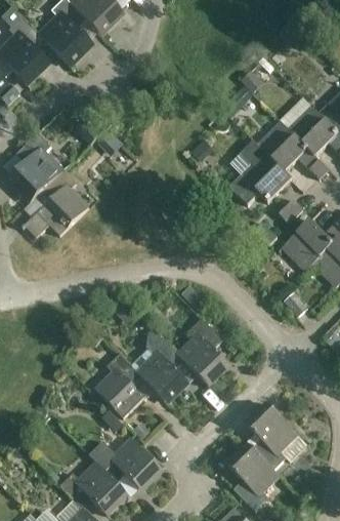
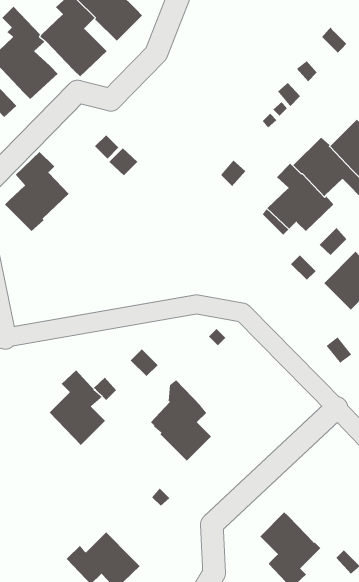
building: [24,169,88,236] -> none
building: [176,317,225,382] -> none
building: [95,352,144,417] -> [49,370,106,446]
building: [248,405,298,470] -> none
building: [88,437,164,491] -> none

